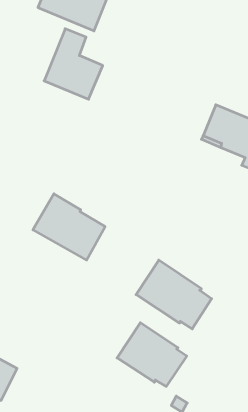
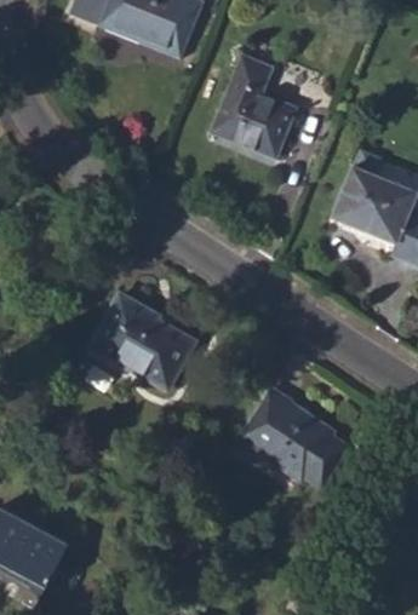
building: [44,29,103,99] -> [211,57,296,159]
building: [117,323,187,386] -> none

